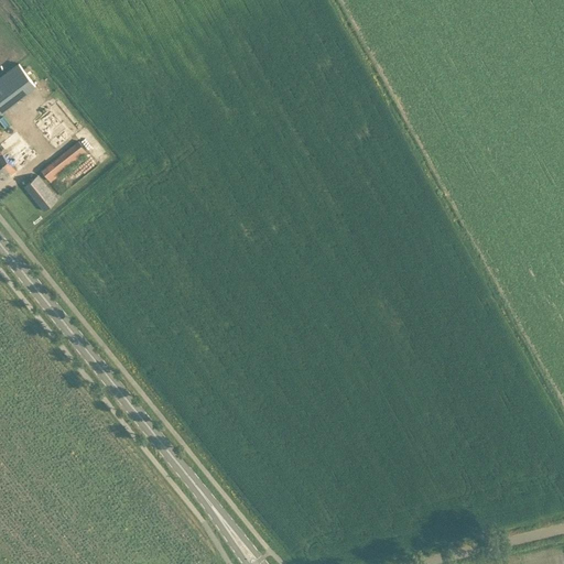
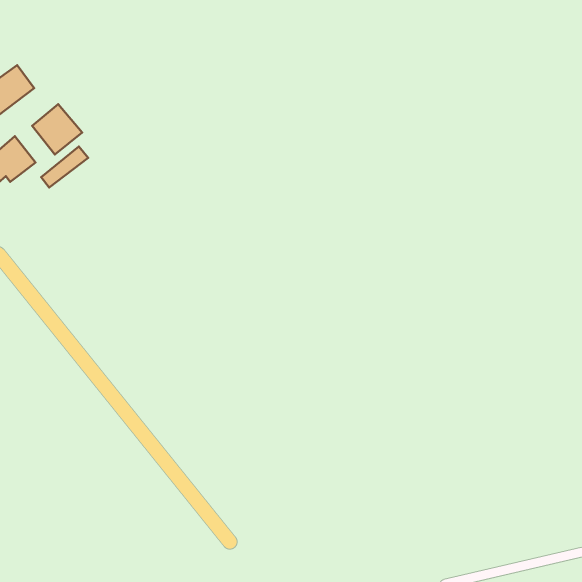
building: [22,177,55,213] -> none

